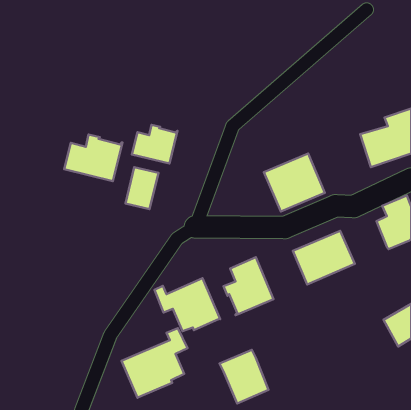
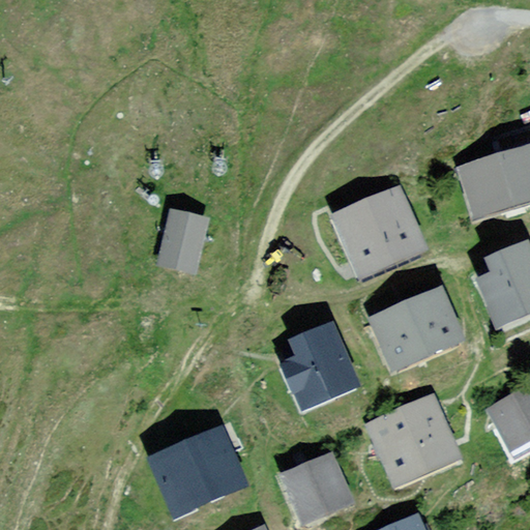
building: [132,125,177,164] -> none
building: [64,134,122,181] -> none
building: [155,278,220,331] -> none
building: none -> [373,404,453,482]

